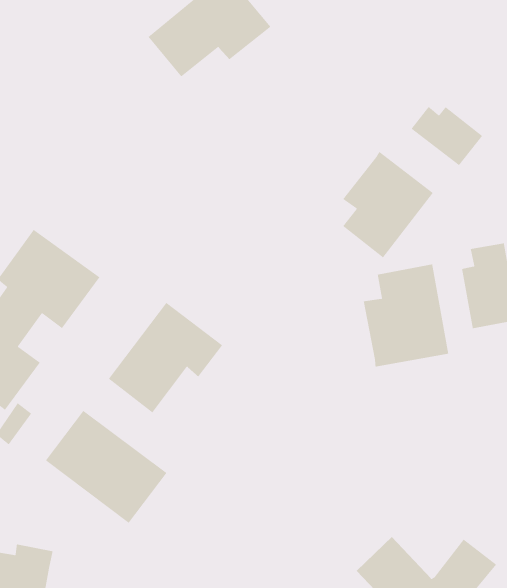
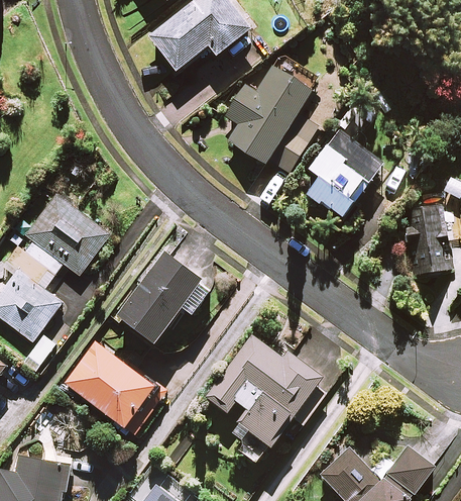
building: none -> [226,66,318,174]
building: [410,106,483,166] -> none
building: [363,263,449,368] -> none
building: none -> [206,335,327,463]

